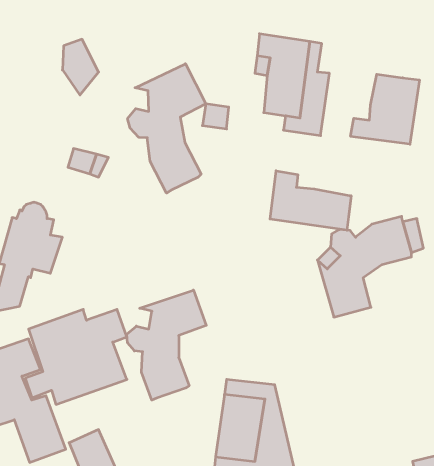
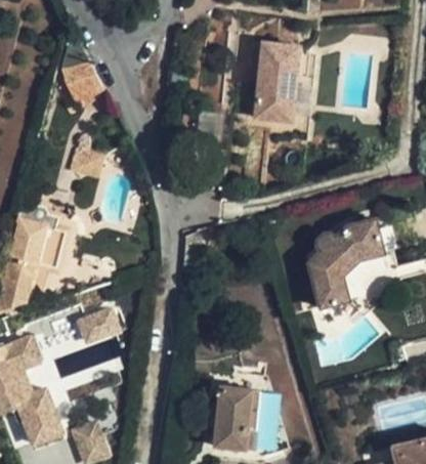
building: [128,64,206,193] -> none
building: [351,74,419,144] -> none
building: [270,171,351,230] -> none
building: [127,290,206,400] -> none

